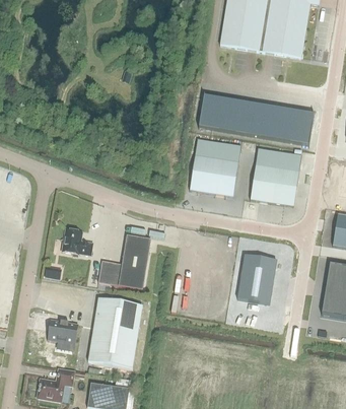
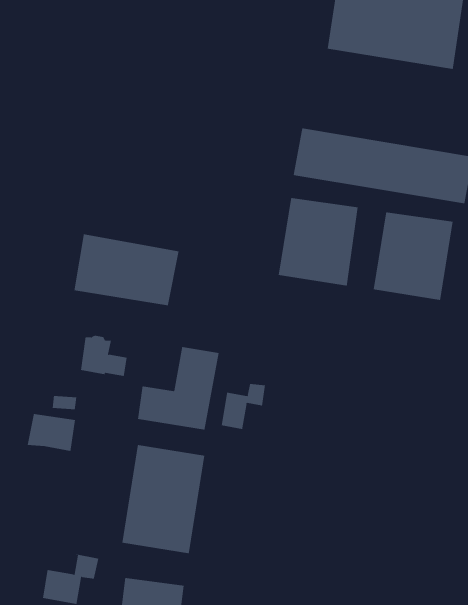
building: none -> [74,234,179,306]
building: [237,254,276,303] -> none
building: none -> [221,383,266,430]
building: [47,319,78,343] -> [27,413,76,451]

